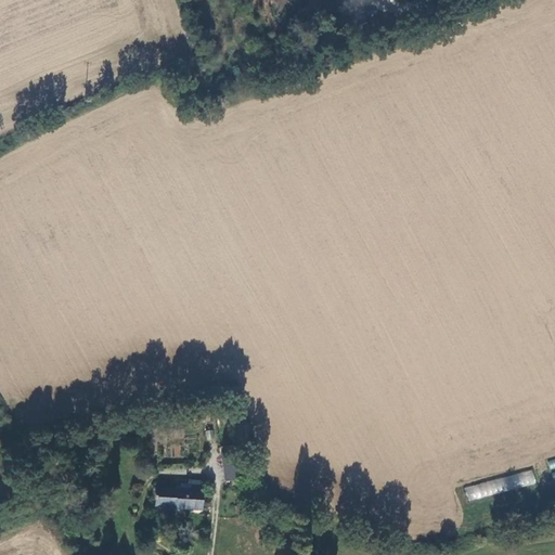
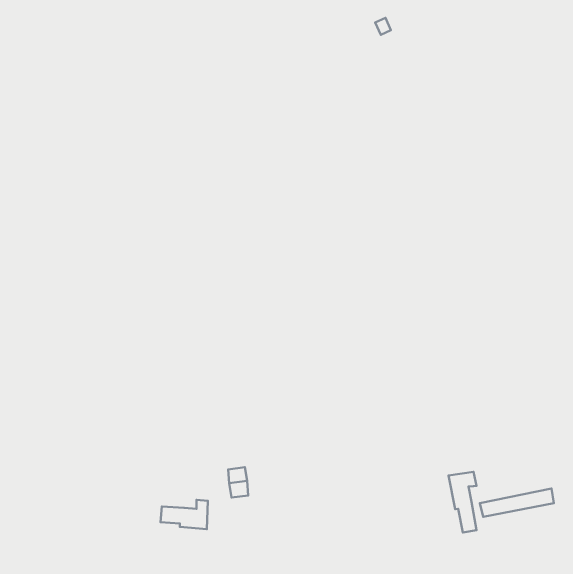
building: none -> [448,472,477,533]

